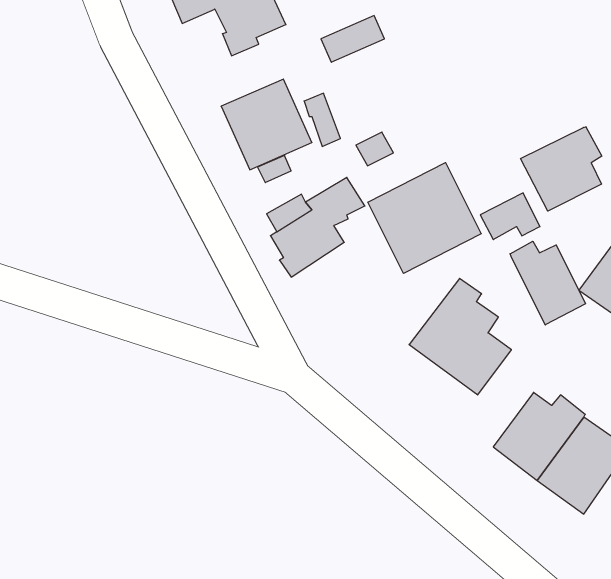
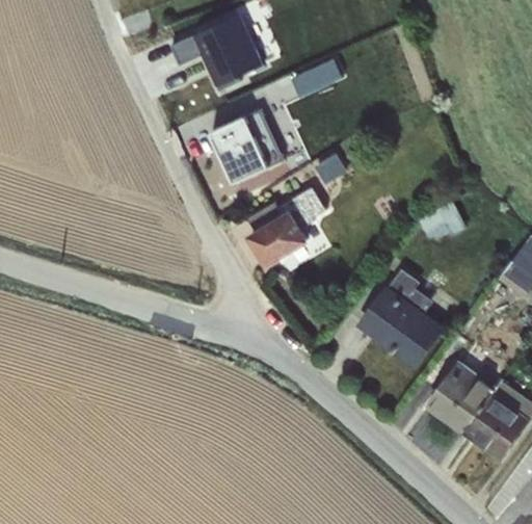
building: [521,127,602,211] -> none
building: [368,163,481,273] -> none
building: [510,241,586,325] -> none

